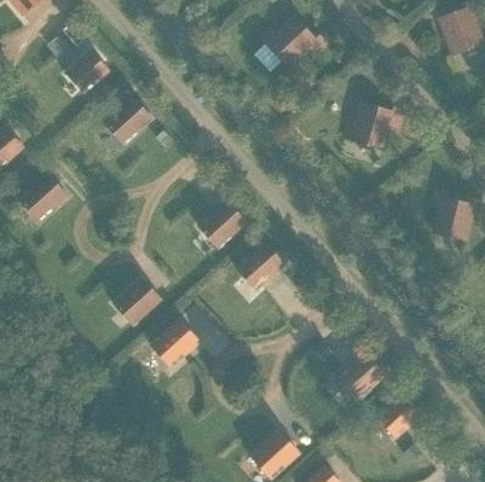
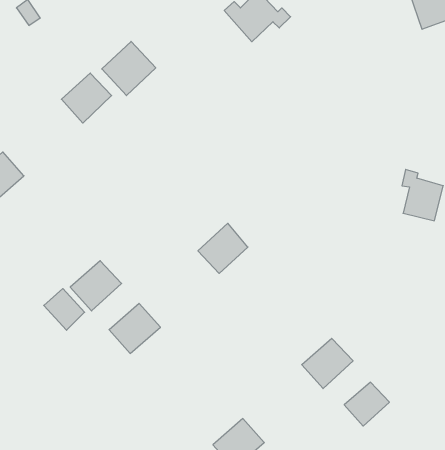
building: [67,51,109,93] -> none
building: none -> [102,41,156,96]
building: [345,104,403,149] -> none
building: [198,201,247,249] -> none
building: none -> [44,289,85,330]

